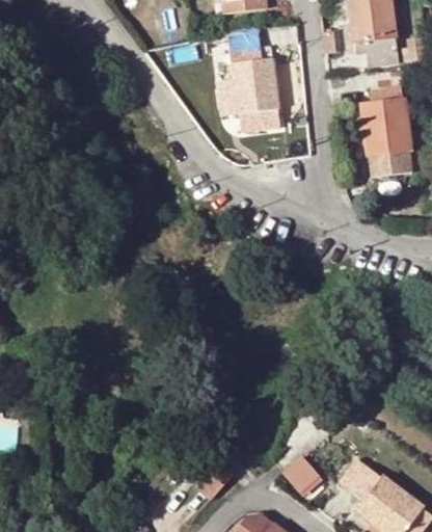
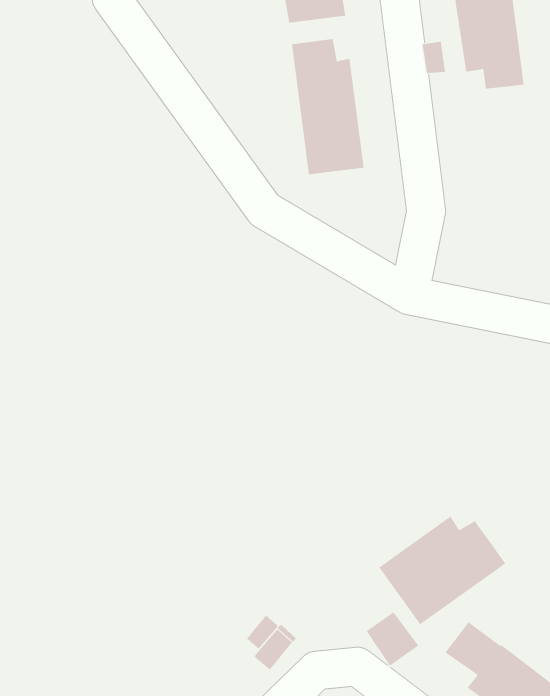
building: [361,87,411,167] -> none
building: none -> [378,516,506,625]

